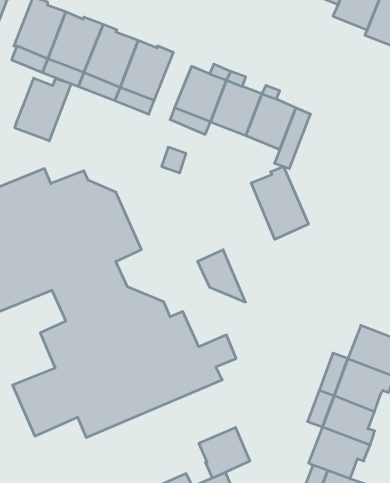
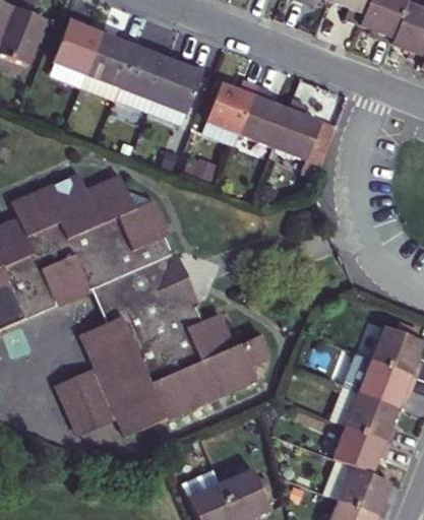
building: [15,78,71,141] -> none
building: [251,166,308,239] -> none
building: [198,250,246,302] -> [152,255,197,305]
building: [199,427,250,478] -> none

